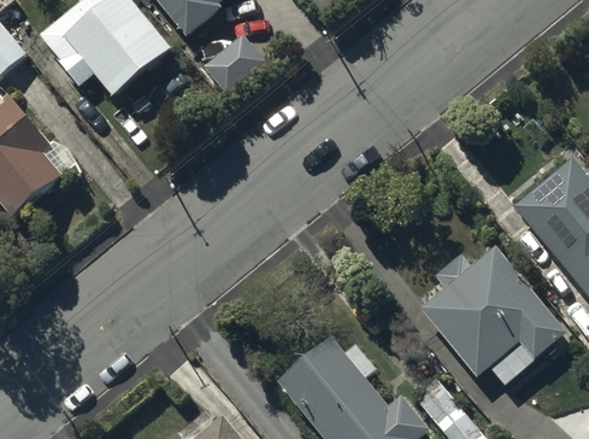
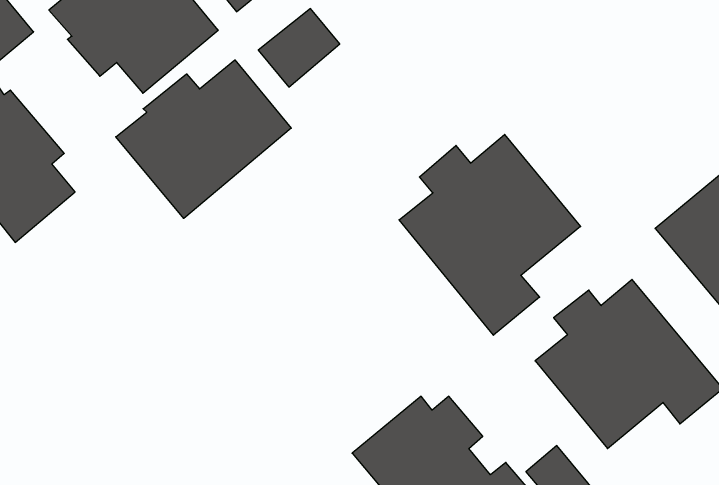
building: none -> [116,60,291,218]
building: none -> [399,134,581,335]

